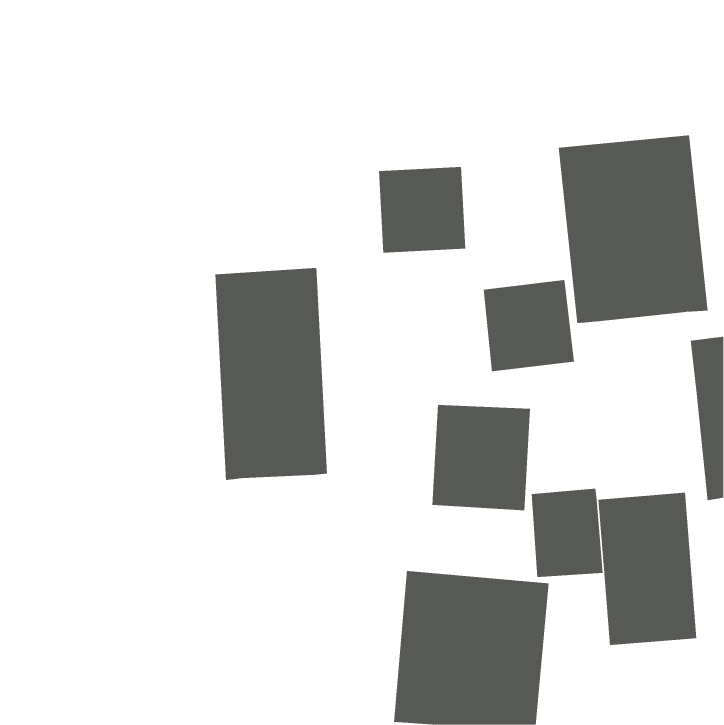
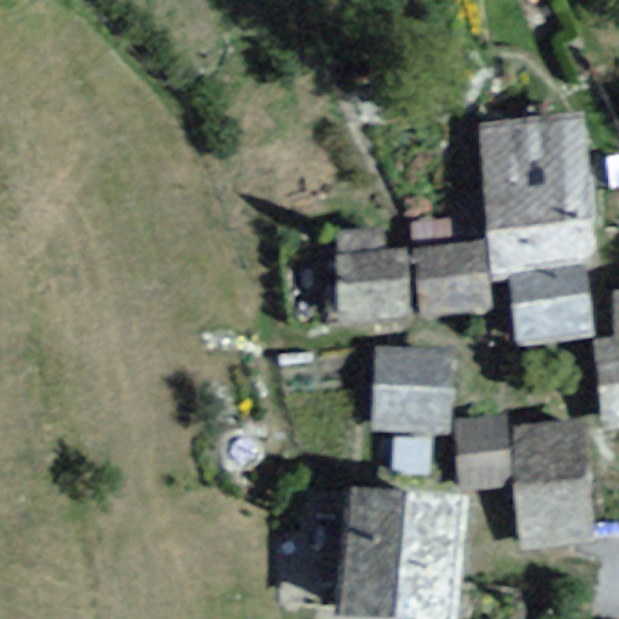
building: [378,167,466,253] -> [335,248,410,322]
building: [215,267,327,481] -> none
building: none -> [505,266,592,341]

